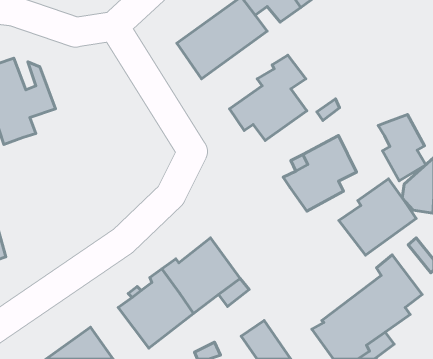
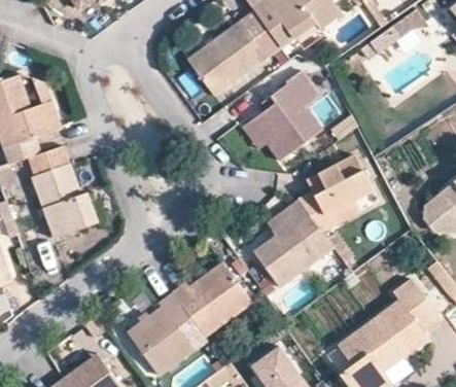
building: [378,115,426,181] -> none
building: none -> [28,144,98,237]
building: [339,179,416,255] -> [253,208,334,287]

